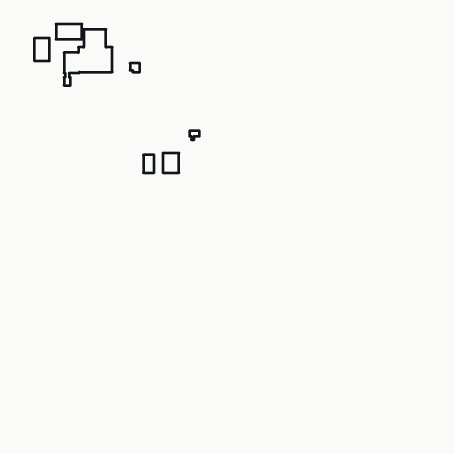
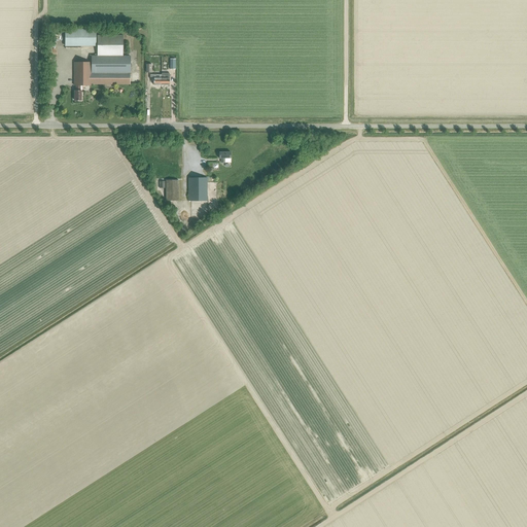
building: [35,38,49,61] -> none

